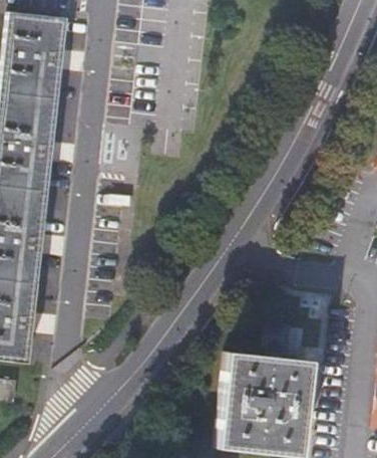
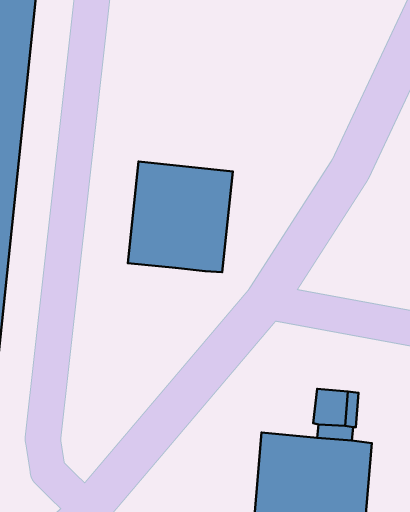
building: none -> [128,162,233,272]

